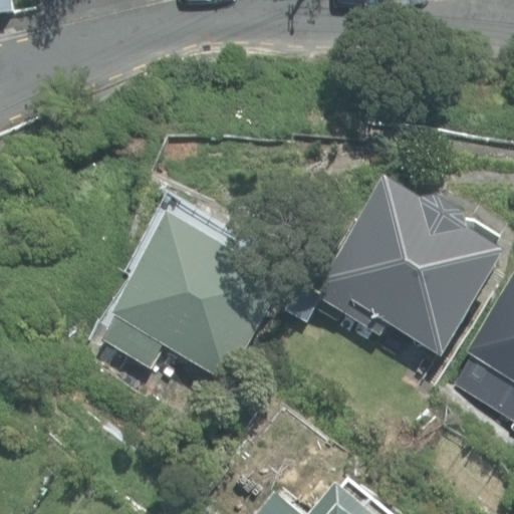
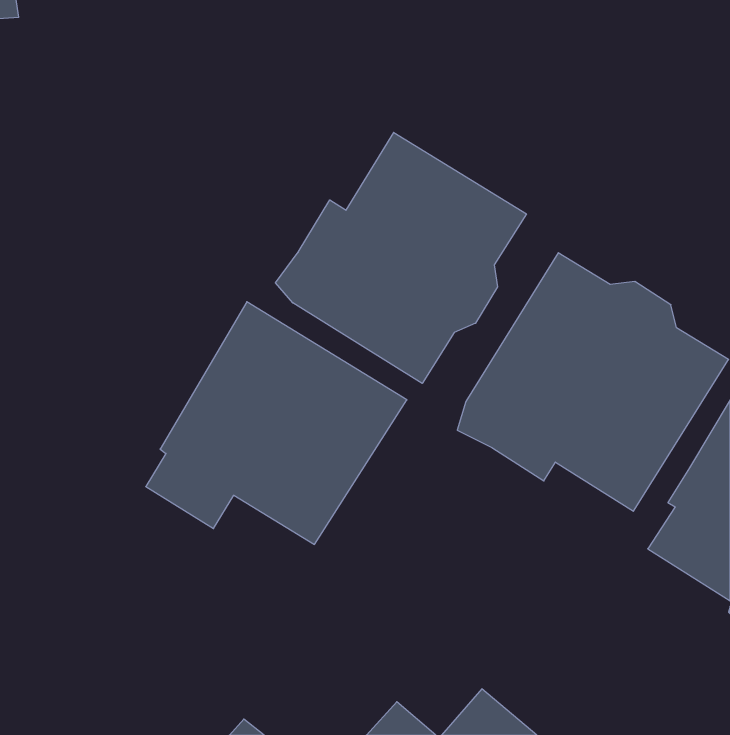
building: none -> [275,132,526,383]

